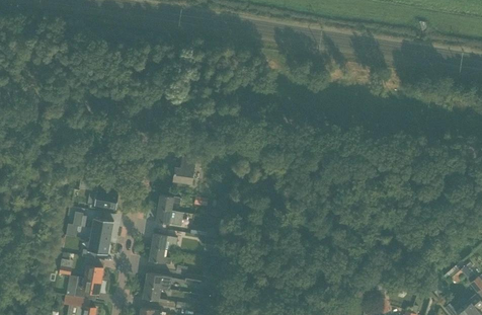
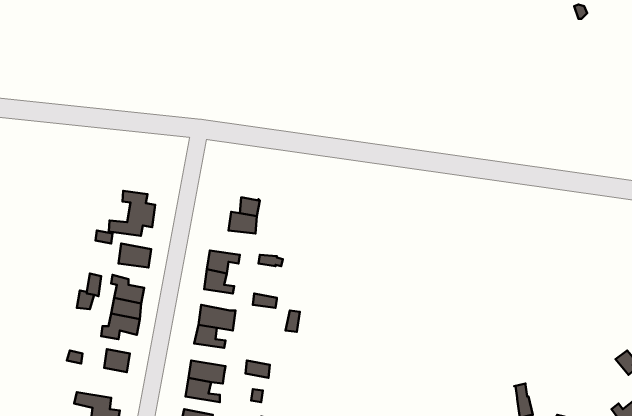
building: none -> [109,191,155,236]
building: [74,278,101,299] -> none

